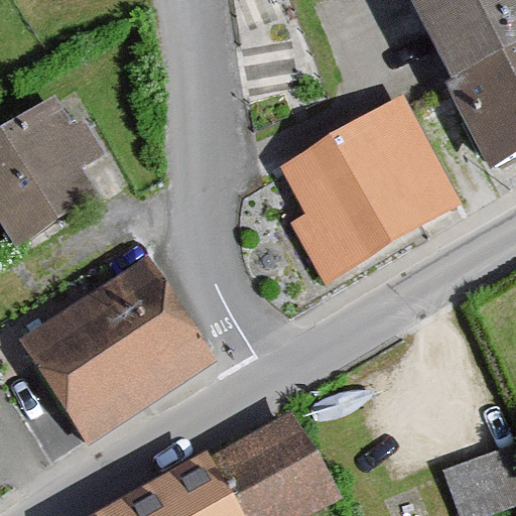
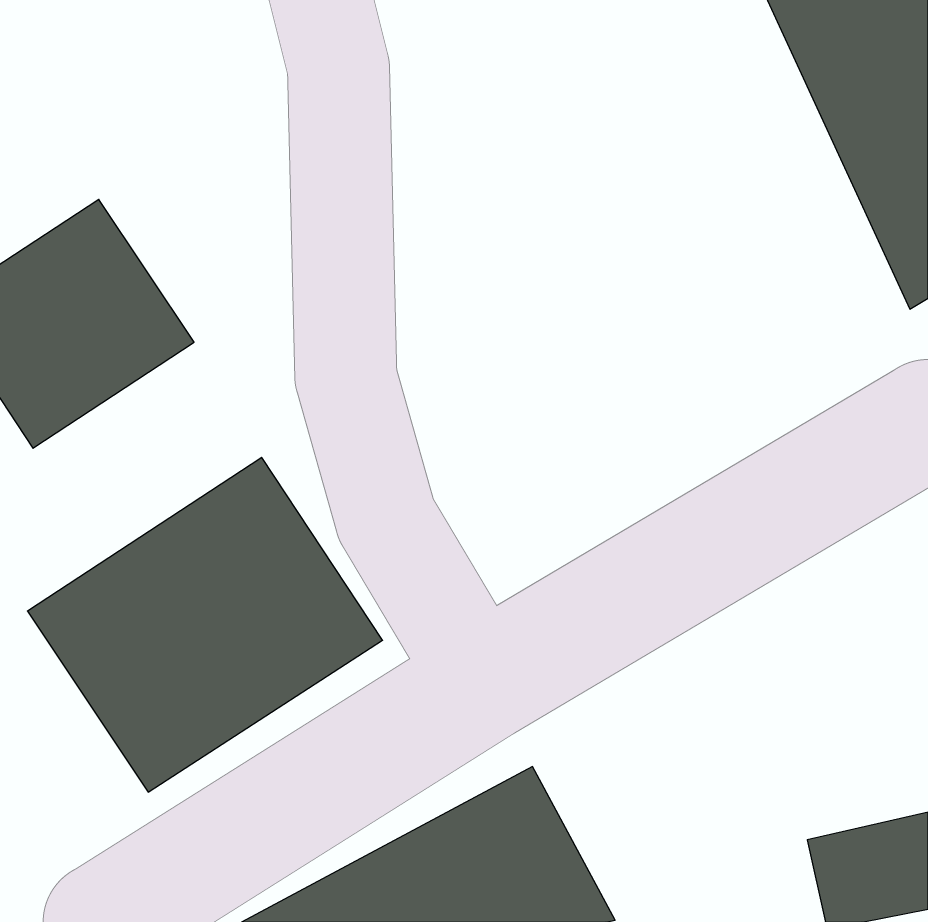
building: [278,100,467,290] -> none

